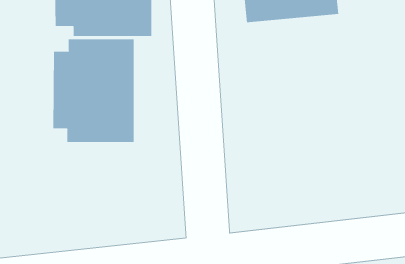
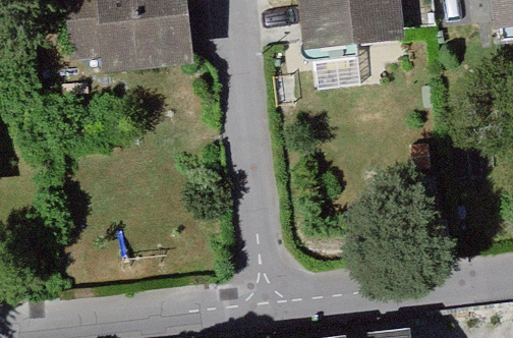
building: [53,38,134,143] -> none

